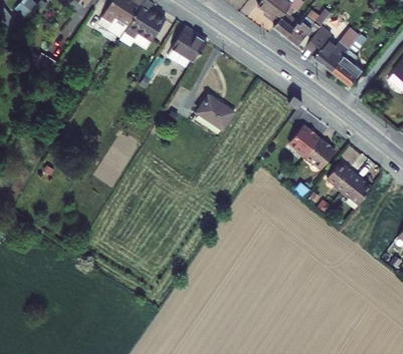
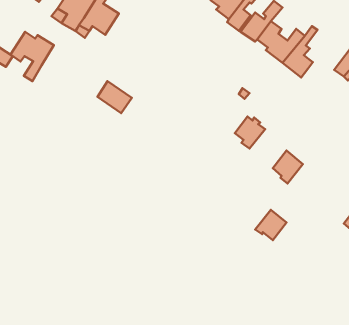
building: [168,24,204,61] -> none
building: none -> [10,32,54,81]
building: [201,94,236,127] -> [98,81,132,113]
building: [299,137,331,167] -> none
building: [339,173,371,205] -> [255,210,286,240]

